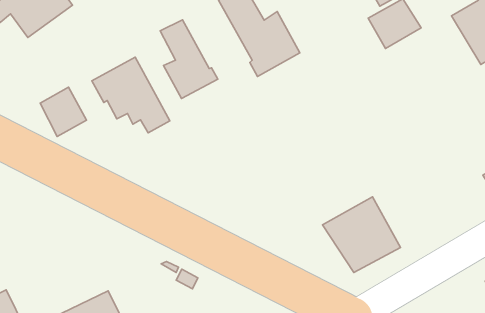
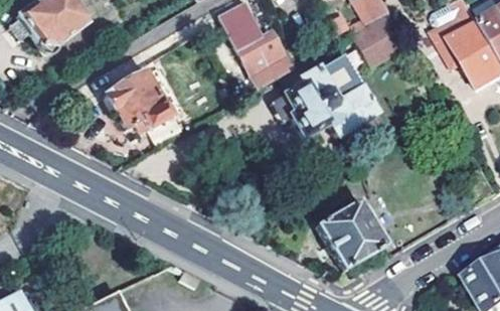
building: [160,20,218,99] -> none
building: none -> [278,56,373,138]
building: [40,87,87,136] -> none

